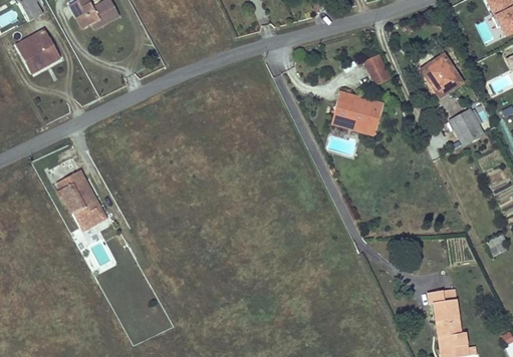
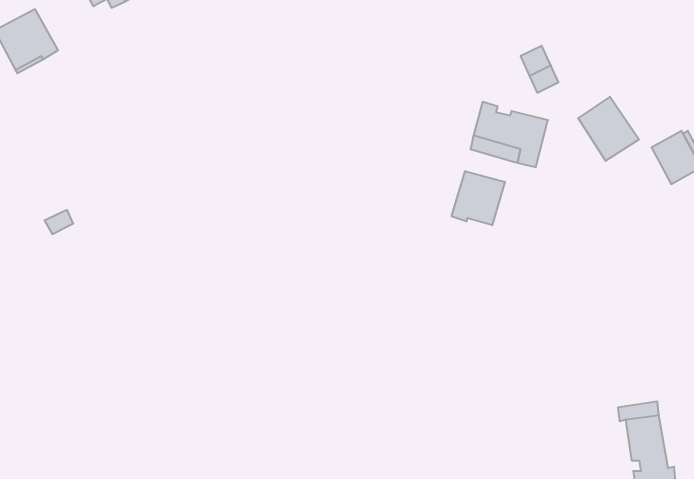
building: [422,54,462,96] -> [578,97,639,161]
building: none -> [452,171,505,225]
building: [56,169,101,228] -> none

